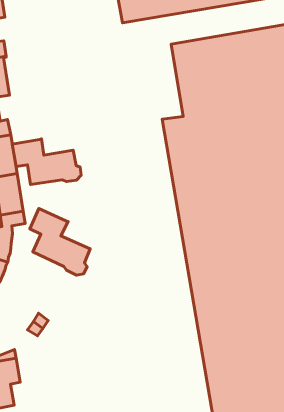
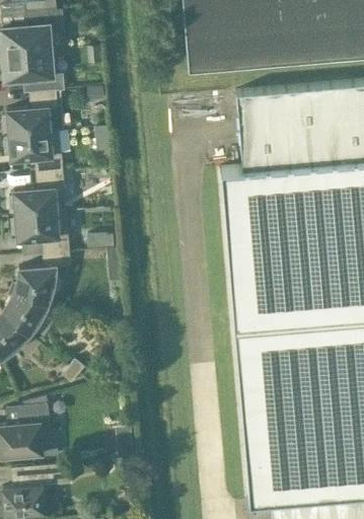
building: [12,139,81,184] -> none
building: [30,209,90,275] -> none

